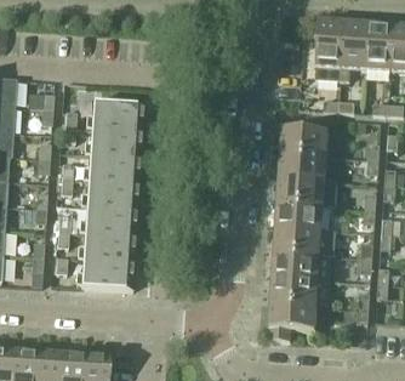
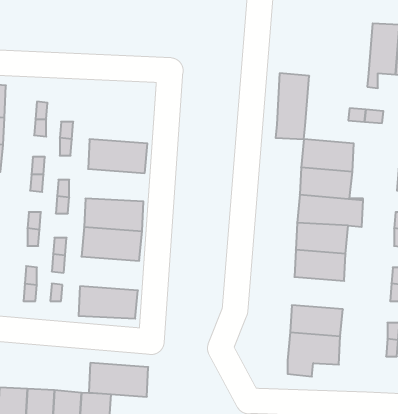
building: [314,19,344,79] -> [276,73,309,139]
building: [90,99,143,130] -> none
building: [86,153,139,182] -> none
building: [81,232,135,262] -> [89,363,148,397]
building: [272,250,319,279] -> none

